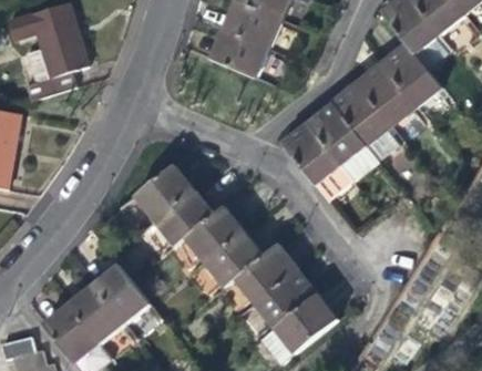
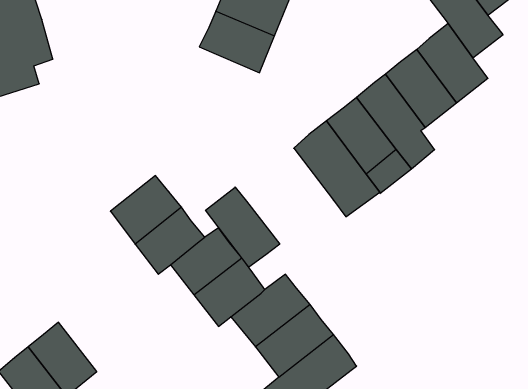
building: none -> [206,187,280,267]
building: [92,261,147,320] -> none

